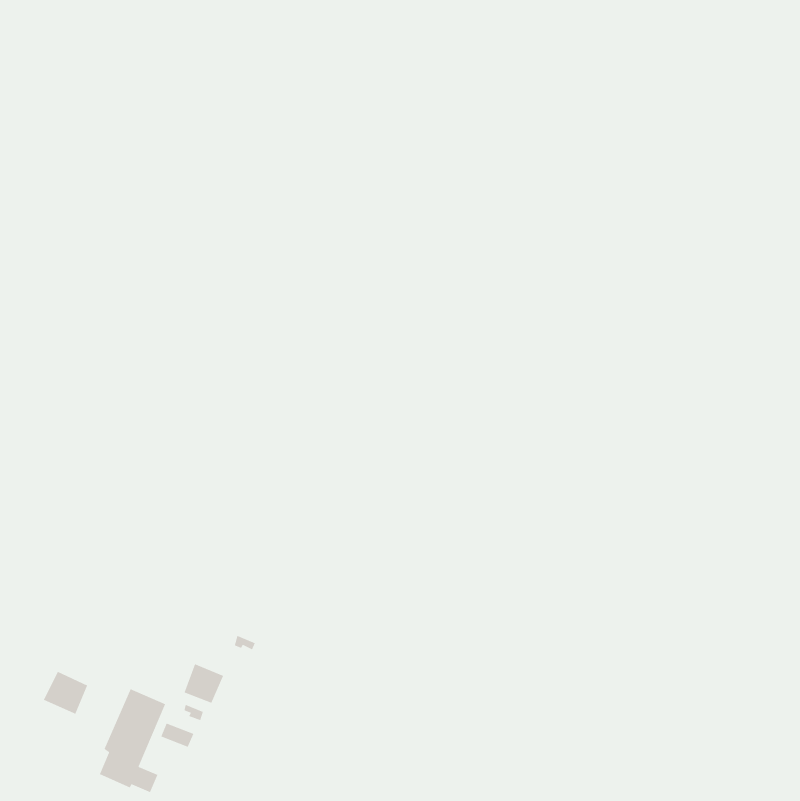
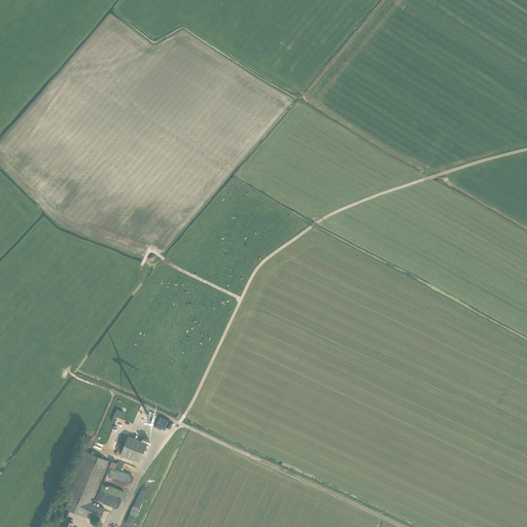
building: [43,671,88,715] -> none

